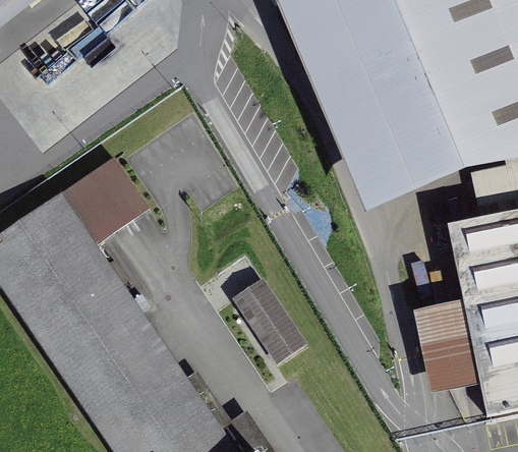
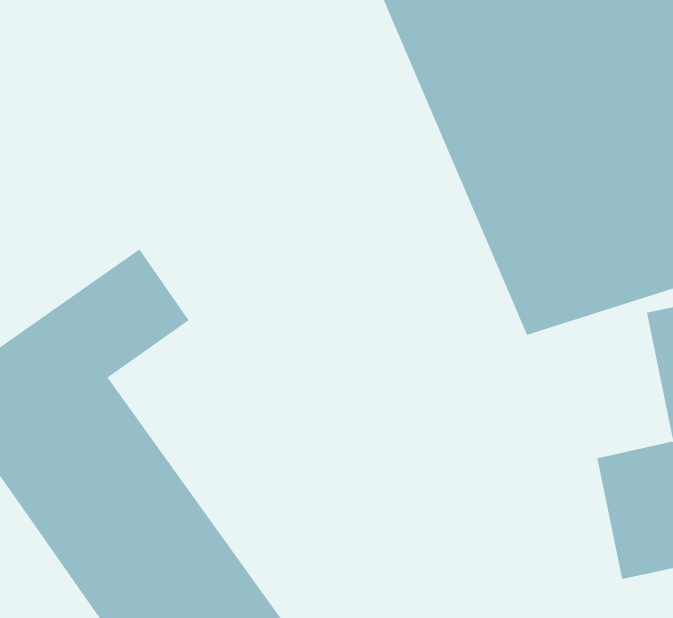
building: [238,281,304,361] -> none

